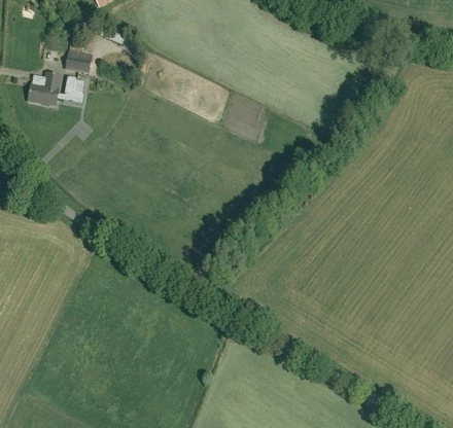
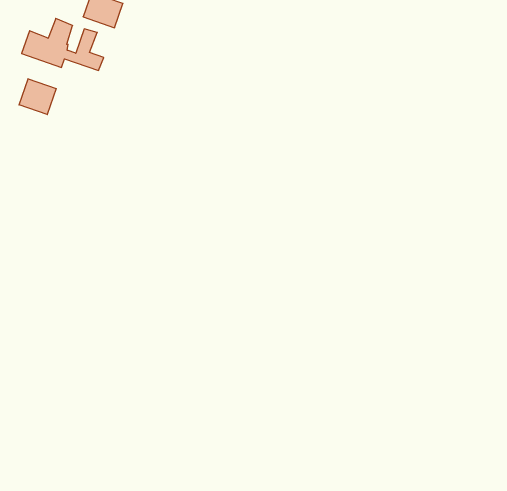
building: none -> [19,79,56,115]

